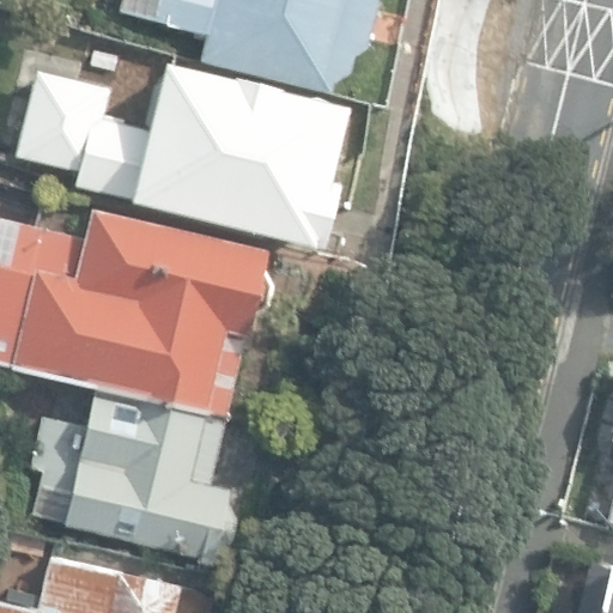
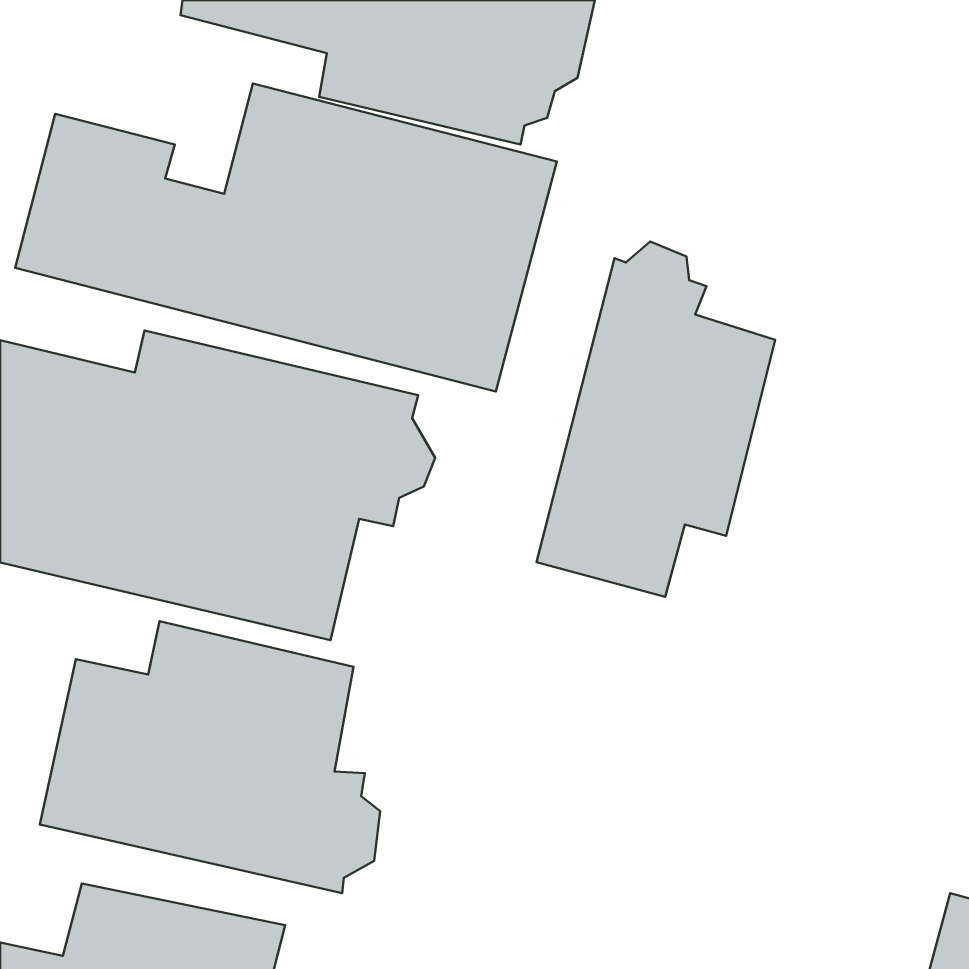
building: none -> [536,242,775,597]

